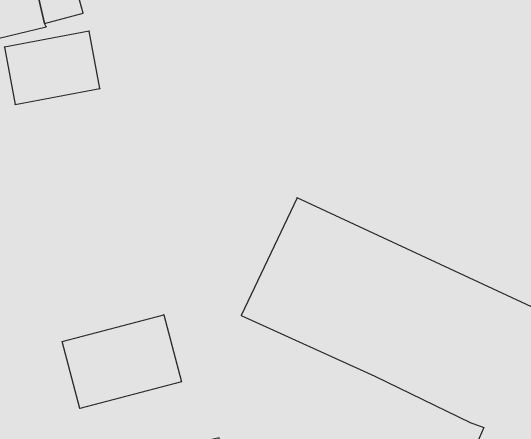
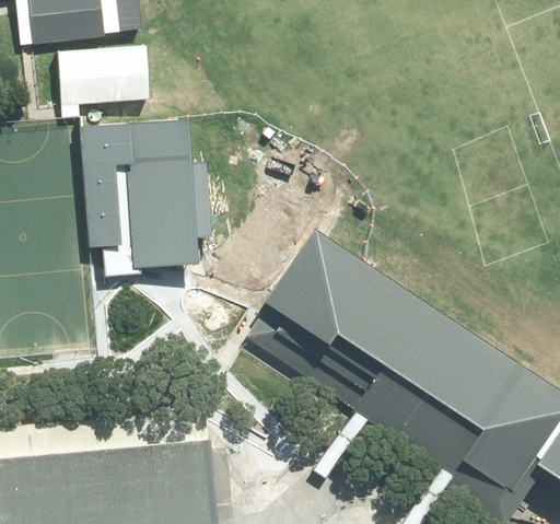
building: none -> [81,118,199,275]
building: [62,315,181,408] -> none

